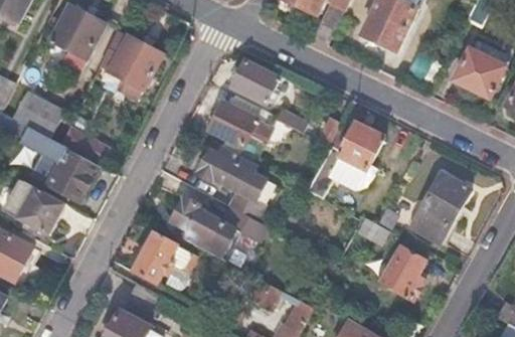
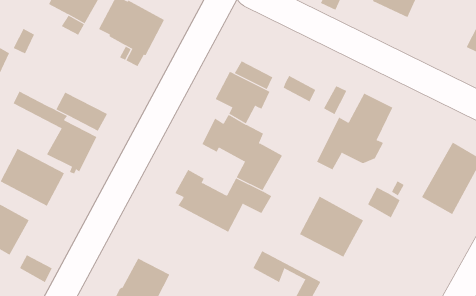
building: [231,60,278,104] -> none
building: [11,93,61,136] -> none
building: none -> [299,196,364,258]
building: [135,234,190,283] -> none
building: [379,247,424,300] -> none

